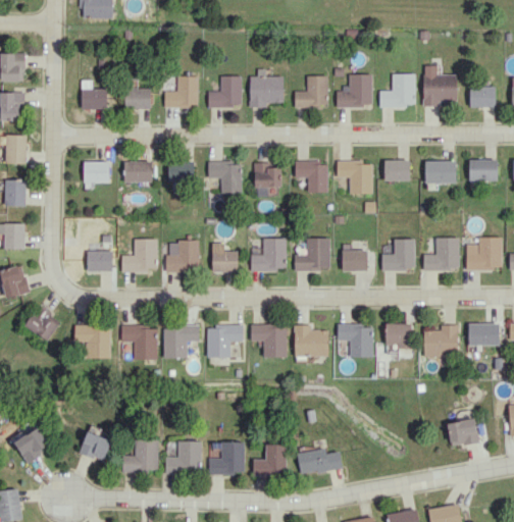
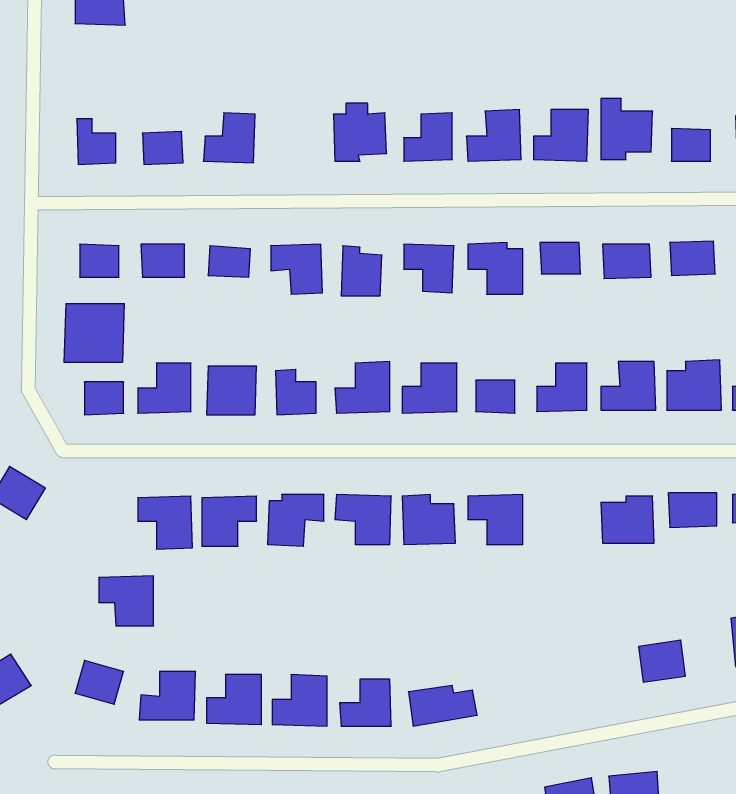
building: [208,75,241,107] -> none
building: none -> [64,304,124,362]
building: [386,323,411,349] -> none
building: [74,325,110,358] -> [99,576,154,626]

